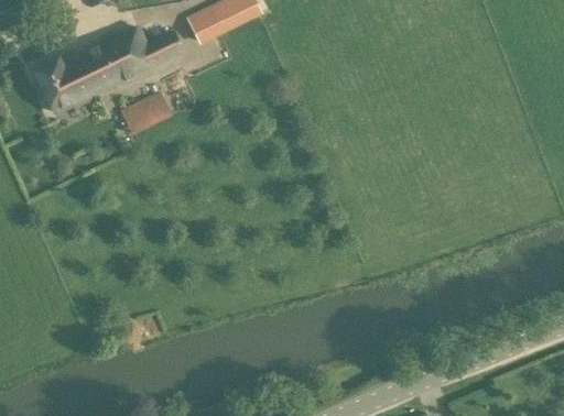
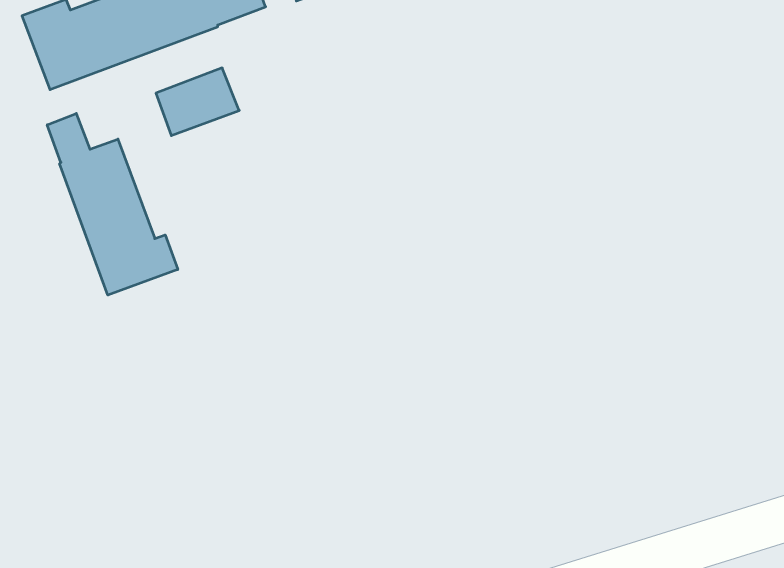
building: none -> [47,113,178,295]

